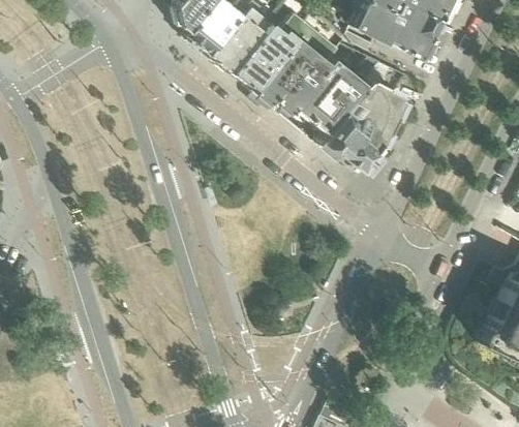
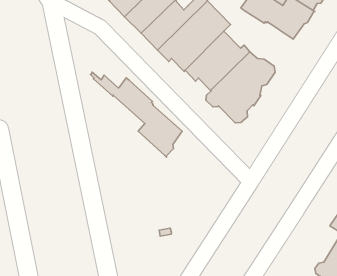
building: none -> [90,72,182,157]

